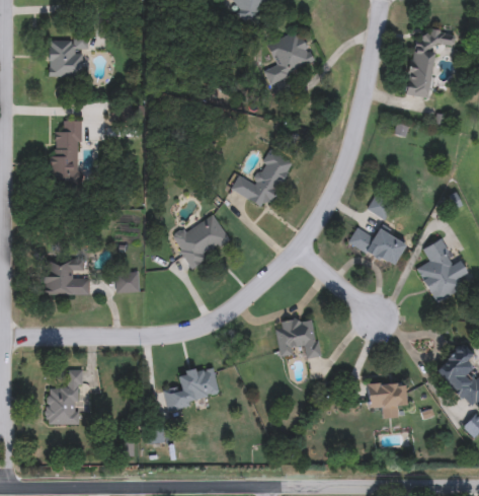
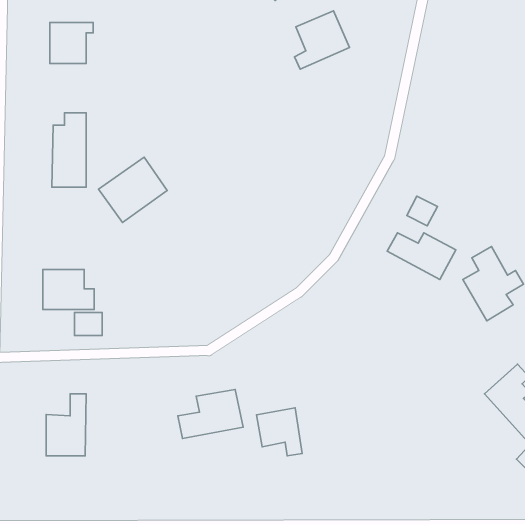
building: [407,29,456,97] -> none
building: [231,149,292,209] -> none
building: [171,211,232,269] -> [98,157,167,222]
building: [115,272,140,292] -> [75,312,102,335]
building: [280,316,320,359] -> [256,408,302,456]
building: [367,380,407,418] -> none

